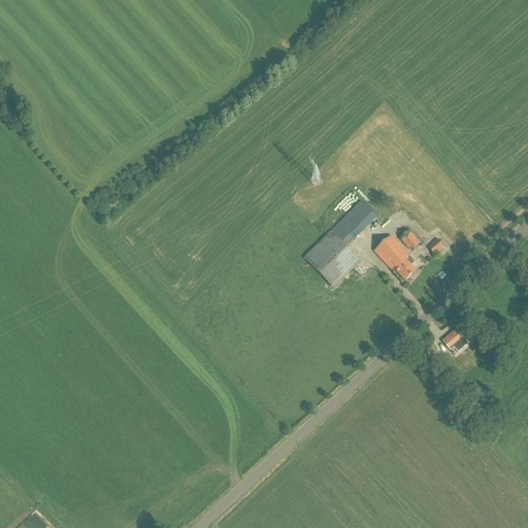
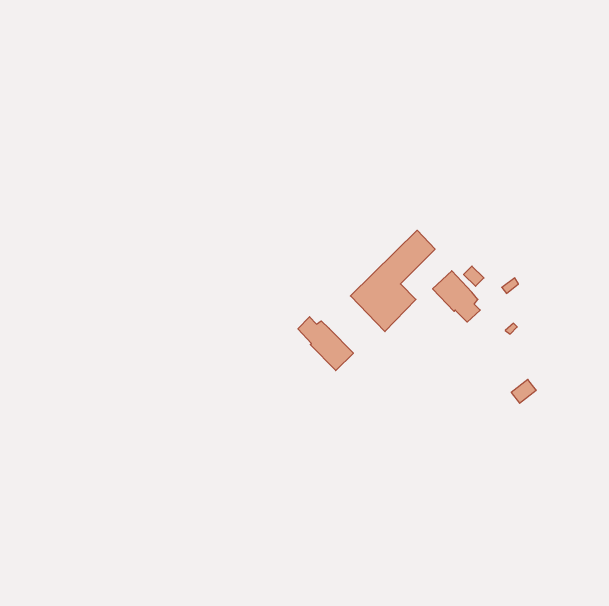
building: none -> [298,317,353,371]

